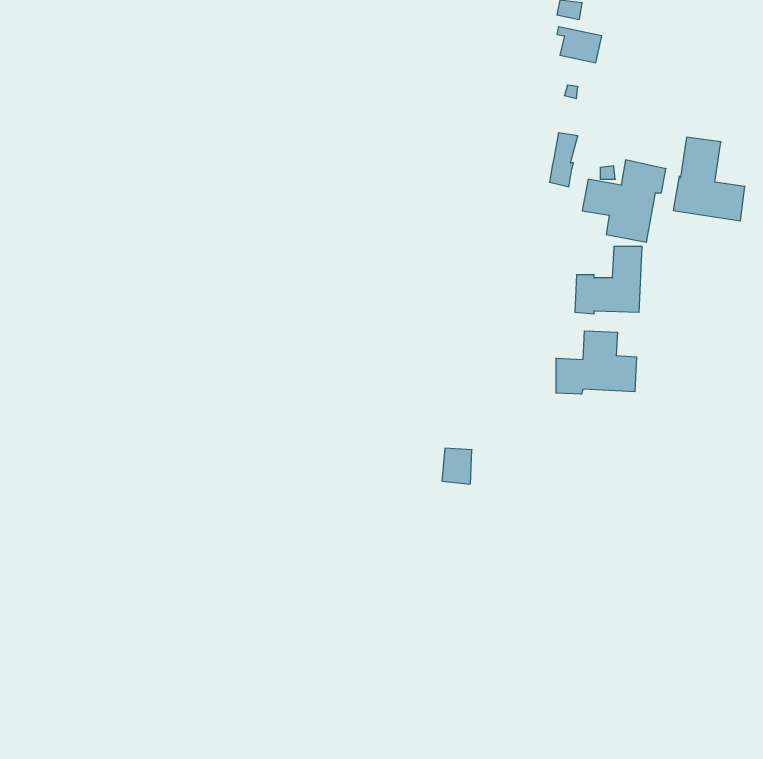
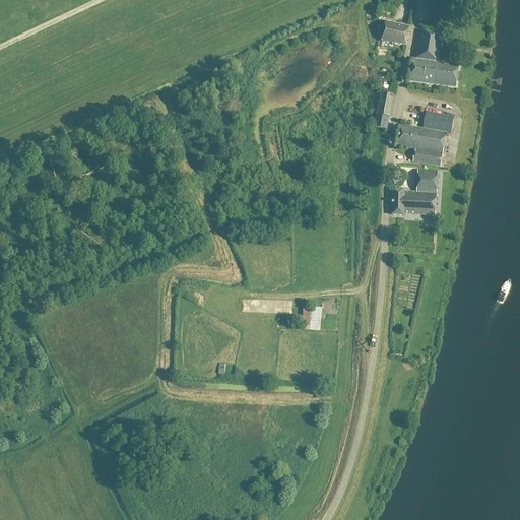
building: [673,137,745,221] -> [409,29,458,86]
building: [556,331,636,394] -> none

